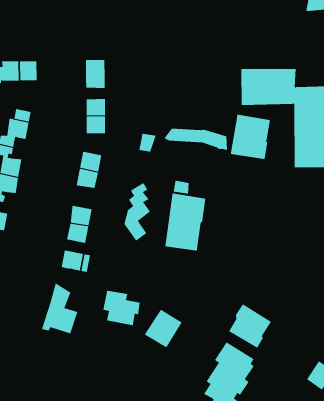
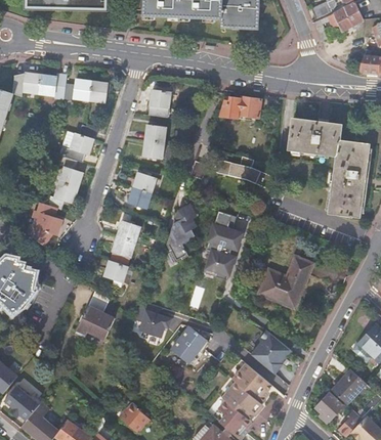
building: none -> [217,97,259,120]
building: [230,114,270,160] -> none
building: none -> [260,257,311,306]

